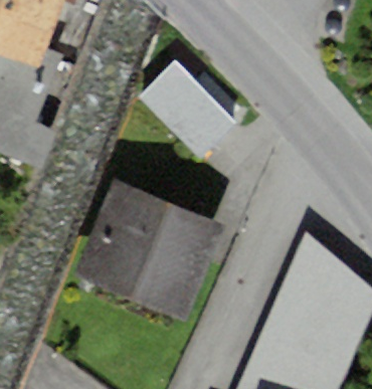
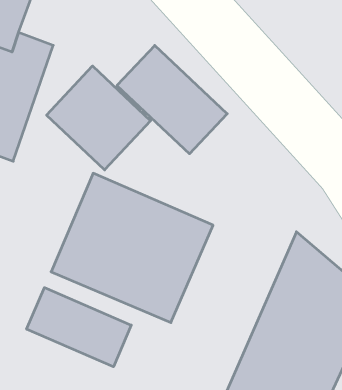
building: none -> [47,66,151,170]
building: none -> [27,288,131,367]

